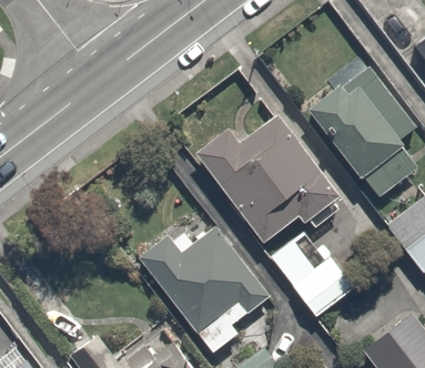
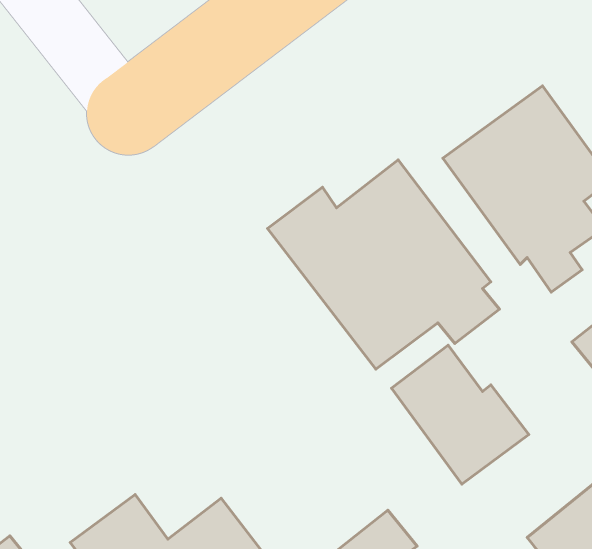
building: [155,228,270,334] -> none

